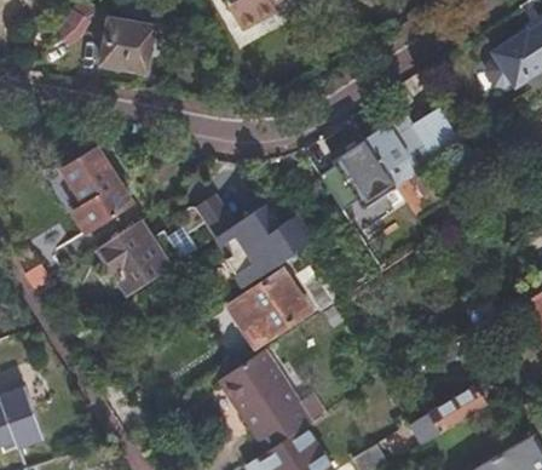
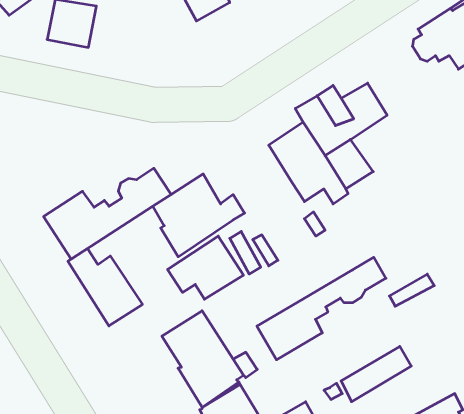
building: [65,147,133,230] -> none
building: none -> [68,249,142,326]
building: none -> [257,257,386,360]

